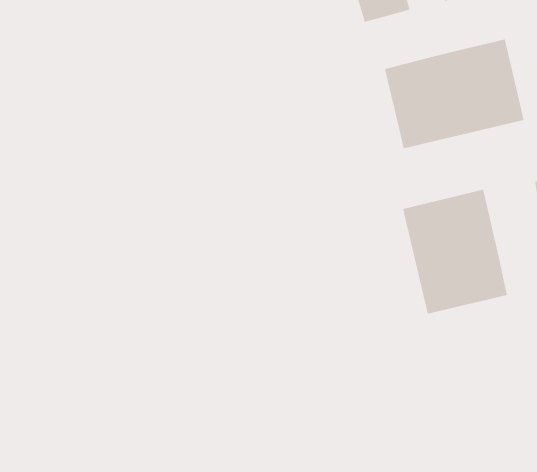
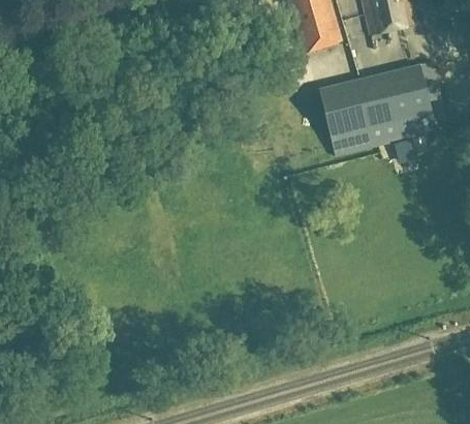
building: [403,189,507,315] -> none

